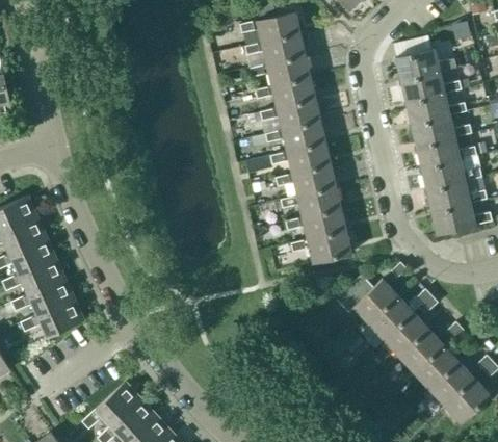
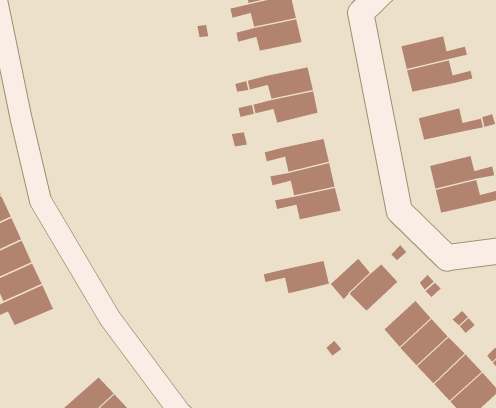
building: [395,48,456,80] -> none
building: [255,77,316,107] -> none
building: [411,114,472,146] -> none
building: [270,141,331,173] -> none
building: [421,158,481,189] -> none
building: [290,231,351,262] -> [263,260,330,294]
building: [369,295,414,339] -> none

